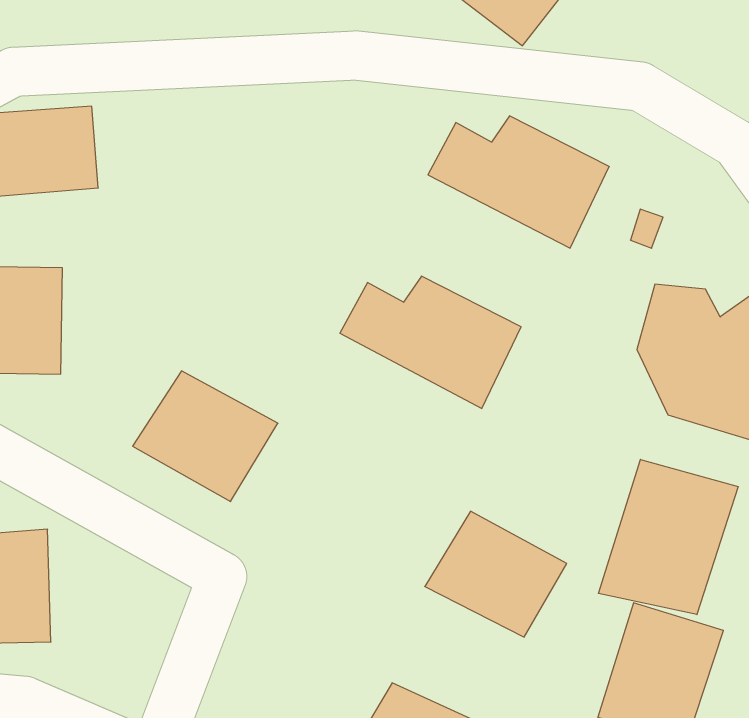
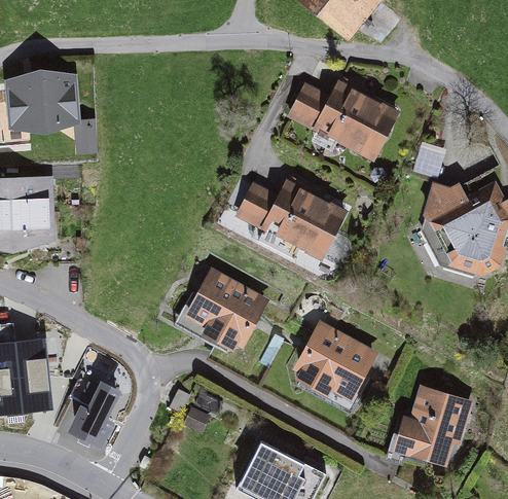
building: [133,371,278,502] -> [177,269,268,351]
building: [598,459,738,615] -> none
building: none -> [59,378,116,447]

